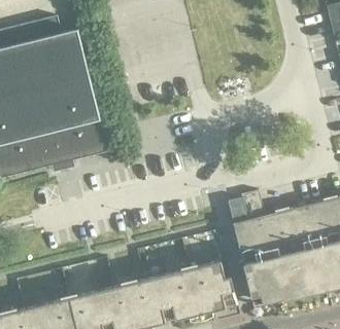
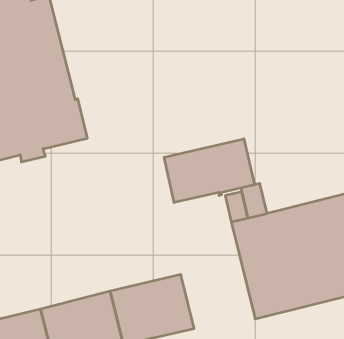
building: none -> [164,139,254,203]
building: [190,261,237,315] -> none

